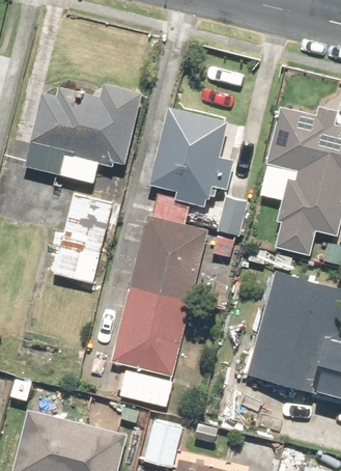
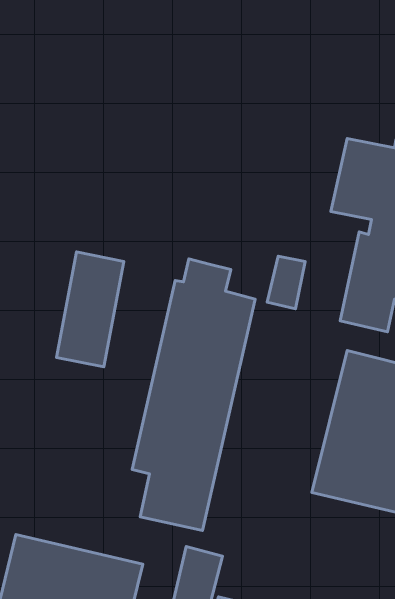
building: [26,85,139,184] -> none
building: [150,109,229,211] -> none

